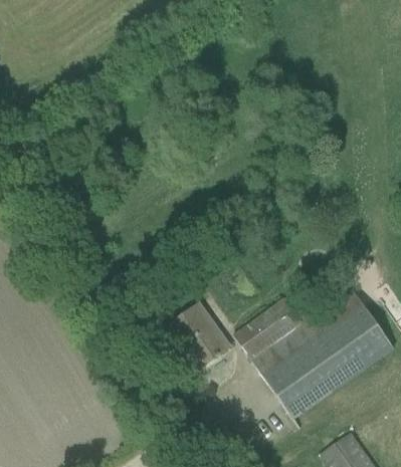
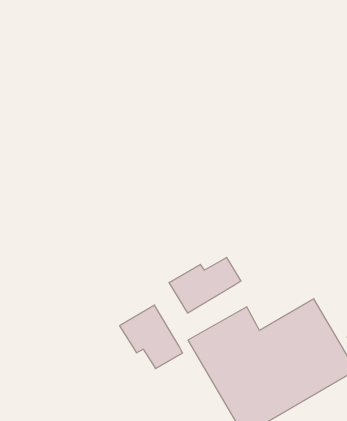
building: none -> [169,257,241,313]

